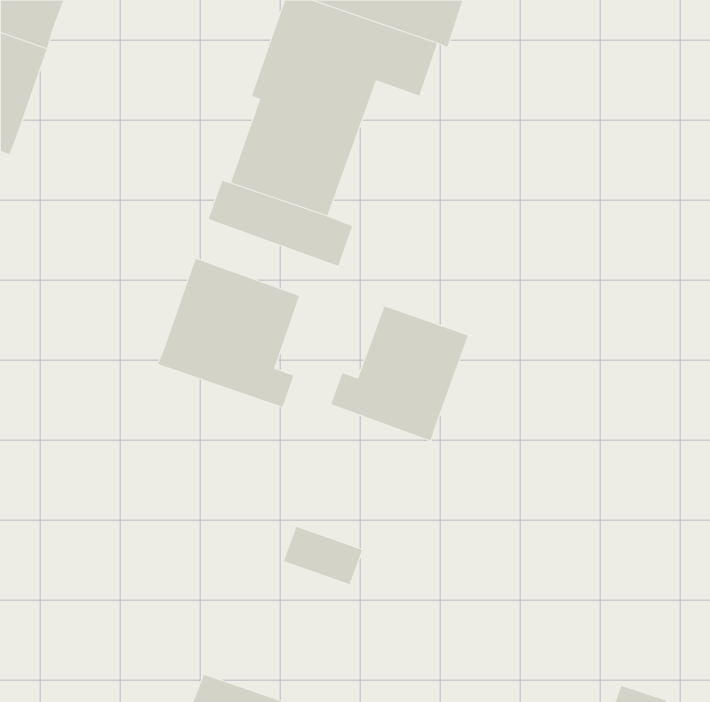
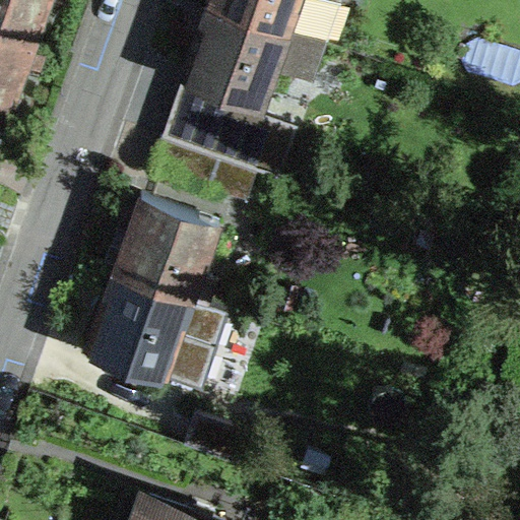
building: [331,306,468,441] -> none
building: none -> [89,273,208,377]

